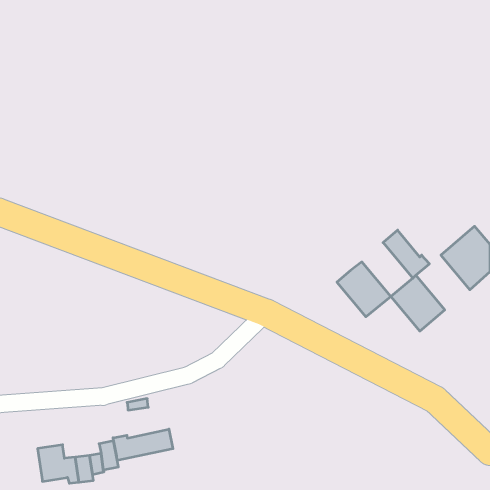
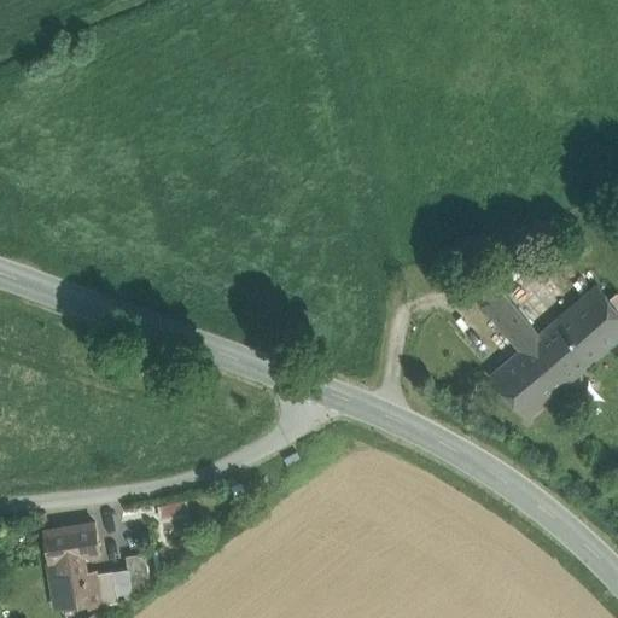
building: [337,262,391,317] -> [521,322,589,391]
building: none -> [42,524,99,565]
building: [113,429,173,460] -> none

